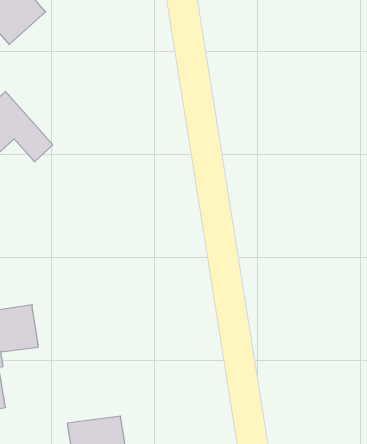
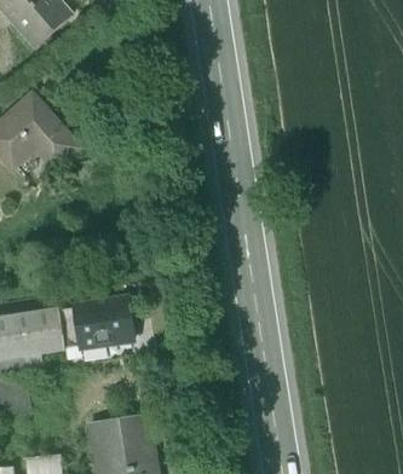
building: none -> [58,297,133,347]

